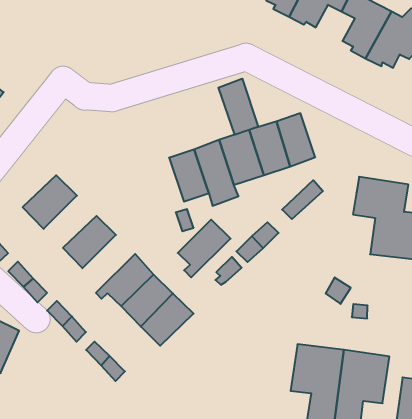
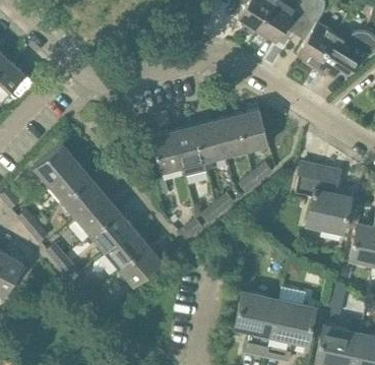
building: [218,79,258,135] -> none
building: none -> [49,162,91,202]
building: [178,220,231,277] -> [77,195,120,240]

